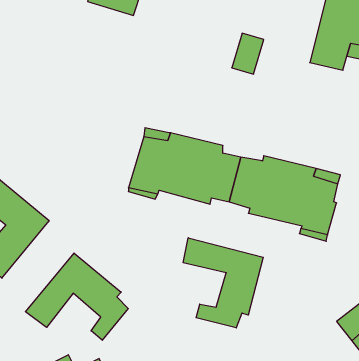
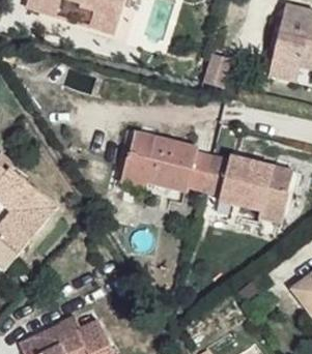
building: [183,238,263,328] -> none
building: [25,253,128,340] -> none

